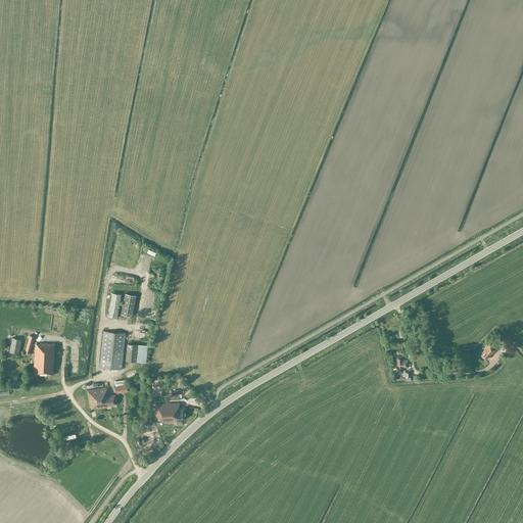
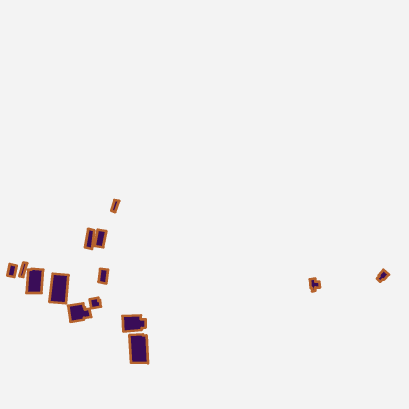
building: [100,331,125,369] -> [49,274,69,303]
building: none -> [130,334,148,363]

